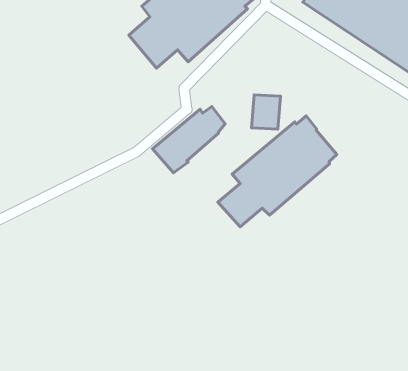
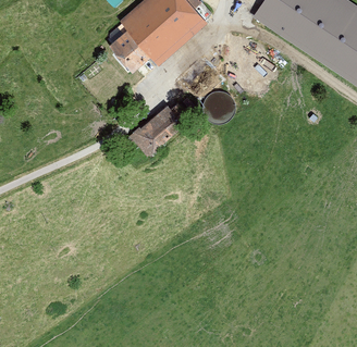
building: [218,116,337,227] -> none

